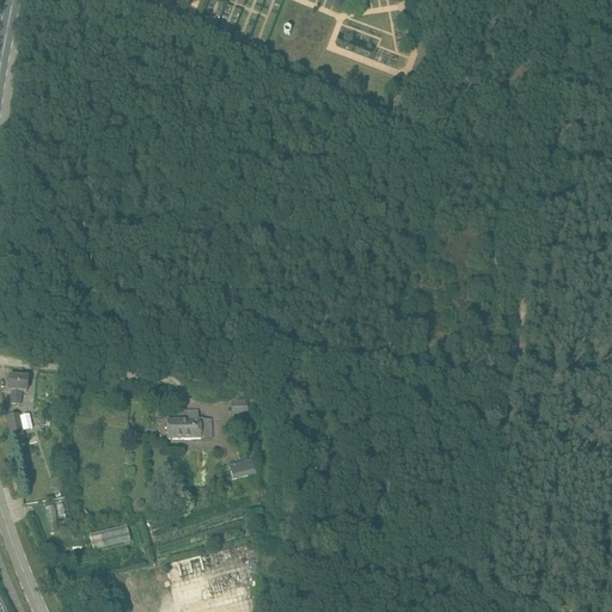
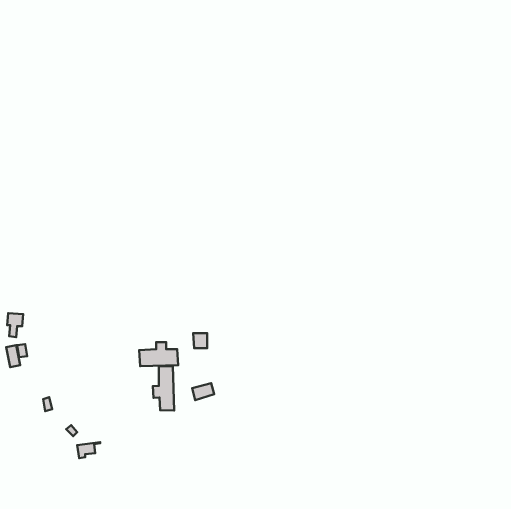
building: none -> [153,366,174,411]

